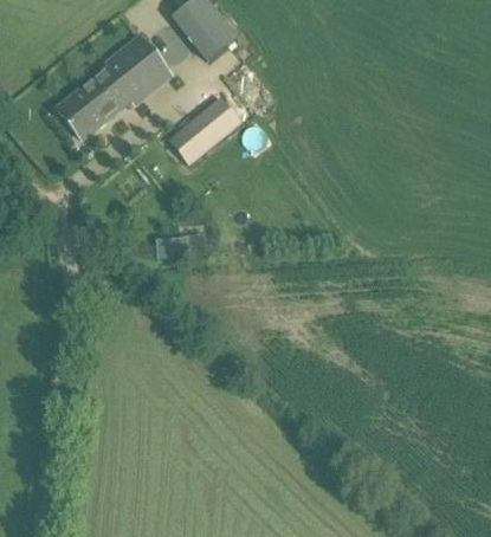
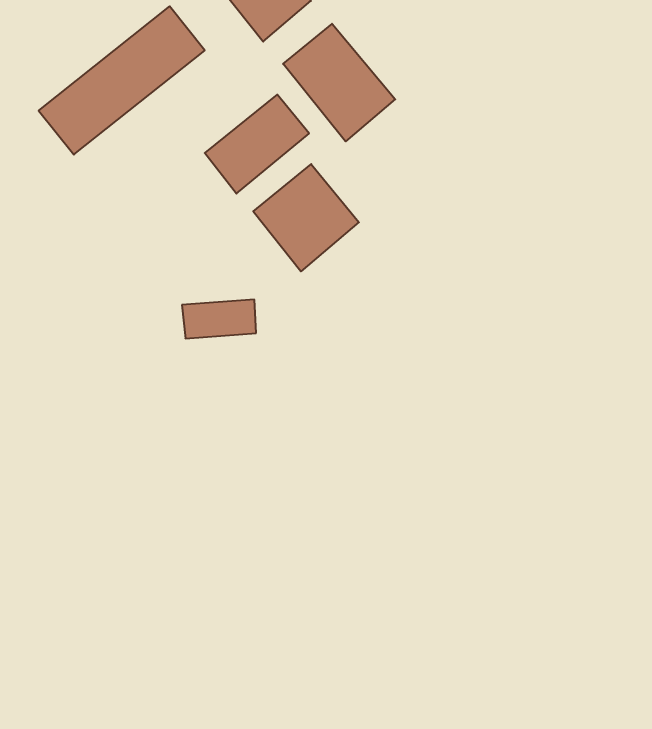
building: none -> [283,24,395,141]
building: none -> [253,164,359,271]

